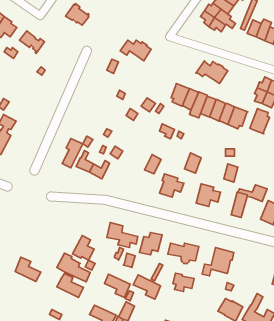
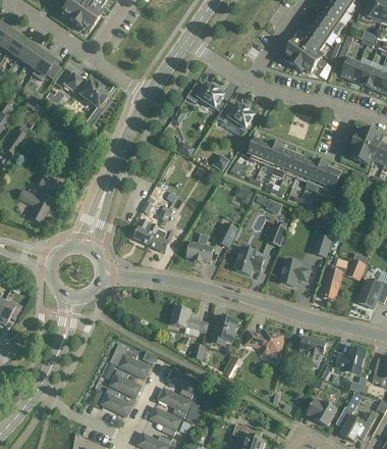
building: [66,4,89,25] -> [84,84,112,110]
building: [196,61,228,83] -> [216,102,255,130]
building: [250,109,270,134] -> none
building: [62,139,83,168] -> none
building: none -> [186,241,213,262]
building: [72,235,94,260] -> none
building: none -> [334,347,366,375]
building: [15,257,41,281] -> [101,386,132,415]
building: [173,273,194,292] -> none
building: [133,275,161,299] -> [158,387,191,416]

